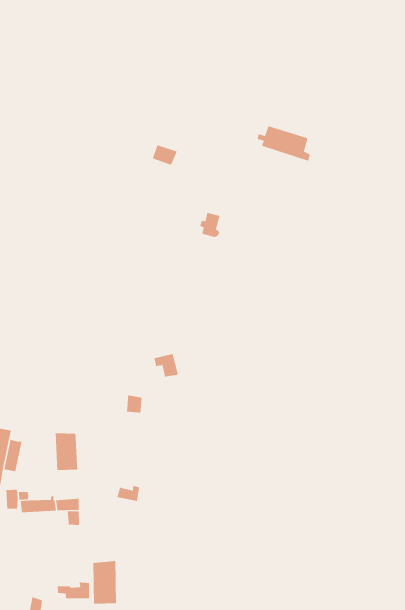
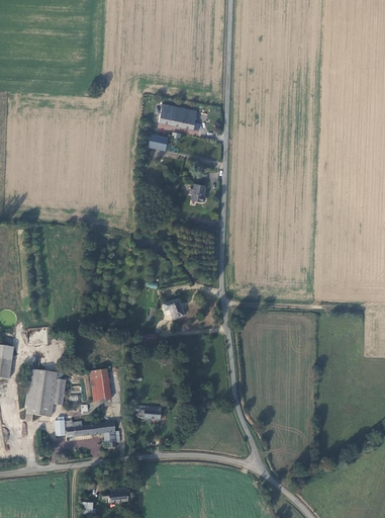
building: [257,125,311,162] -> [157,103,201,130]
building: [93,560,117,605] -> none

